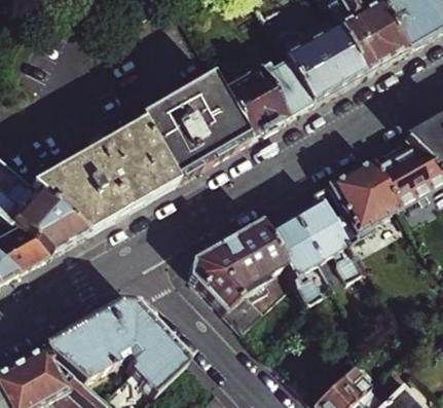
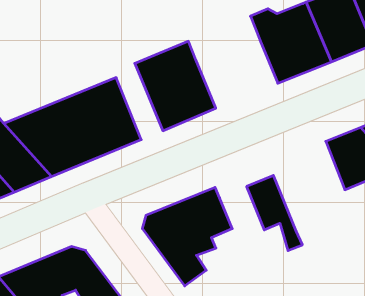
building: [220,60,309,138] -> none
building: [136,102,195,181] -> none
building: [311,157,395,256] -> none
building: [264,216,318,300] -> none

